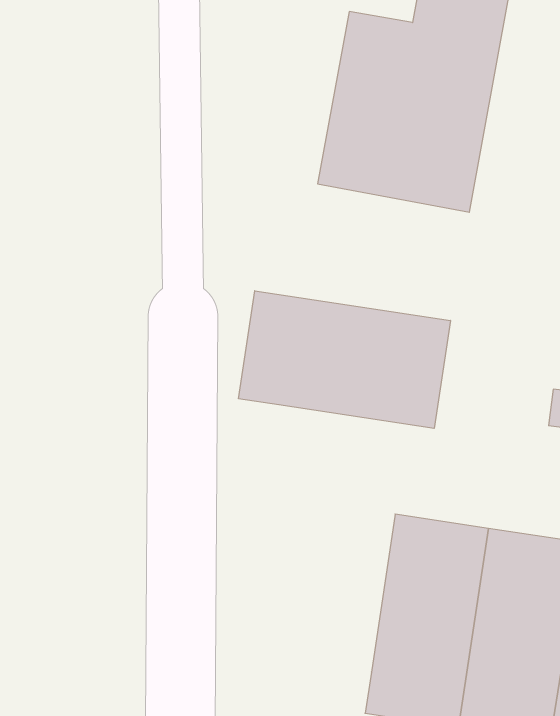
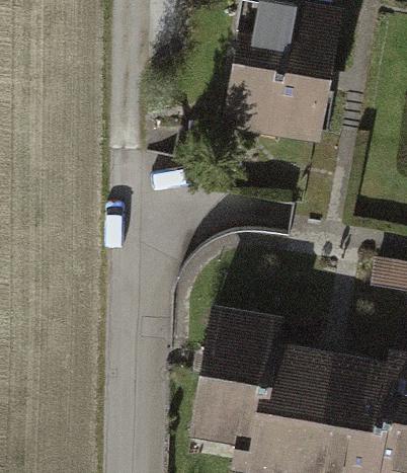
building: [239,291,450,428] -> none
building: none -> [192,307,277,443]

